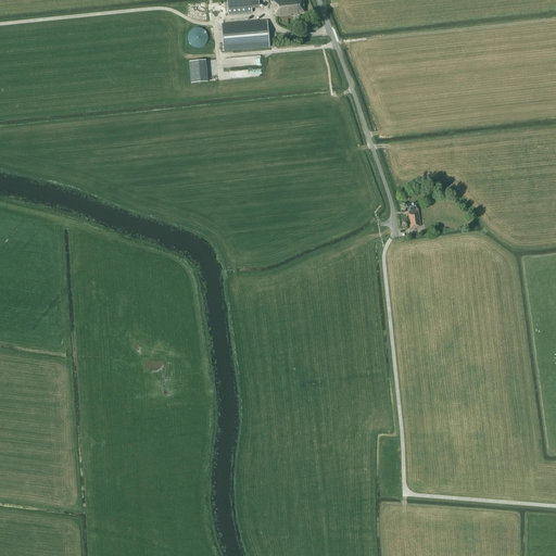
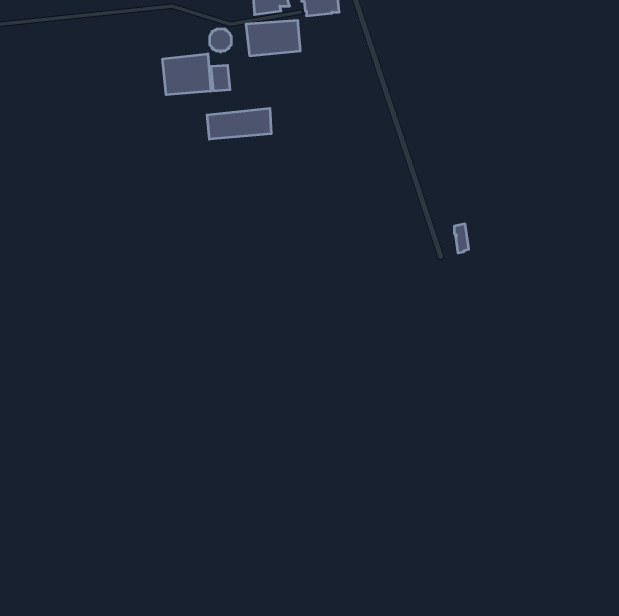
building: none -> [163,54,211,95]
building: none -> [207,108,271,139]

